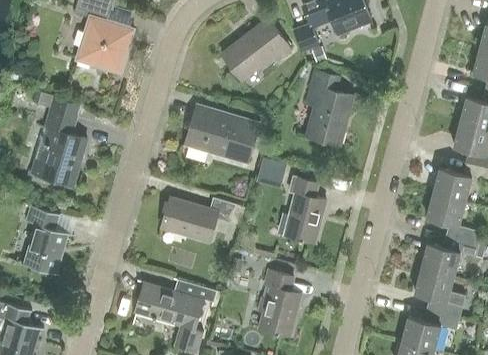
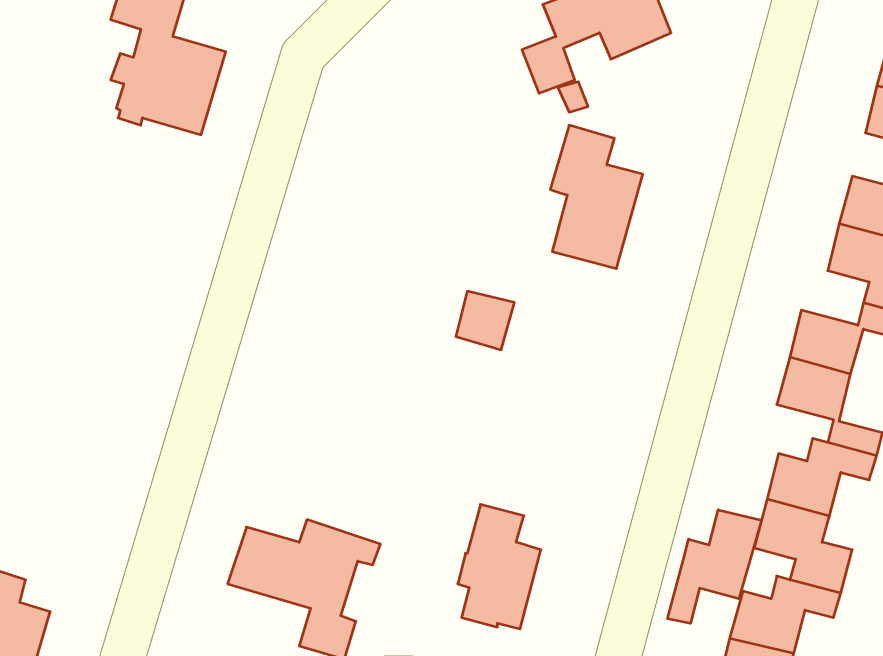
building: [222,19,292,80] -> none
building: [33,93,87,186] -> none
building: [185,105,258,162] -> none
building: [283,176,326,242] -> none
building: [161,197,236,241] -> none
building: [25,207,68,274] -> none
building: none -> [668,510,762,623]

